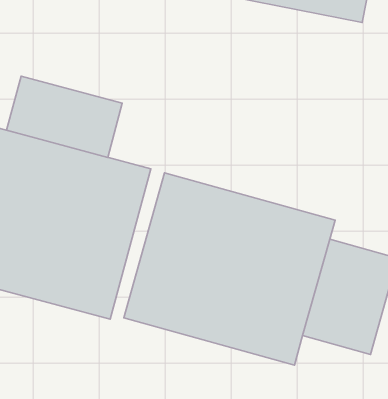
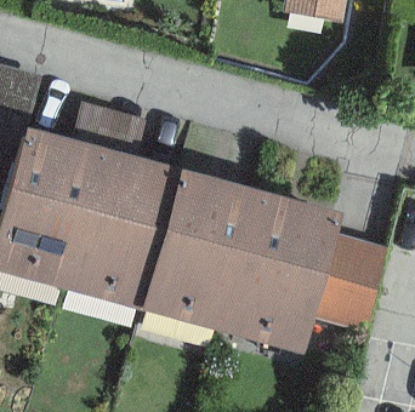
building: [6,76,122,157] -> none

